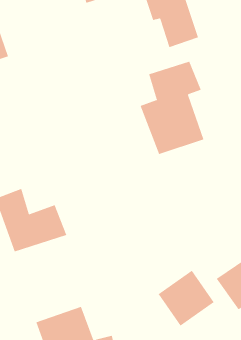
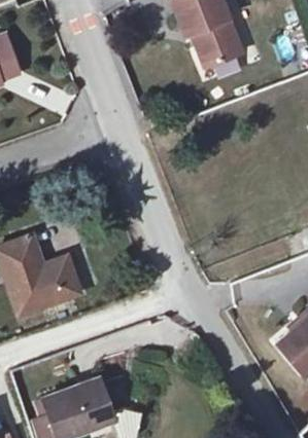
building: [140,61,204,155] -> none
building: [158,270,214,326] -> none

